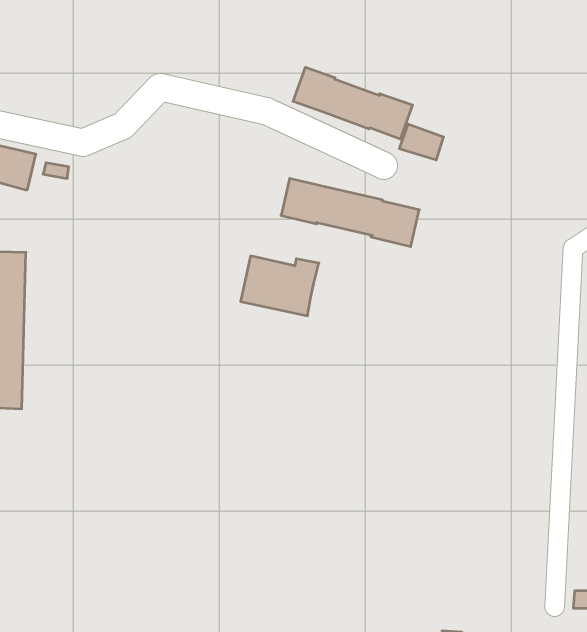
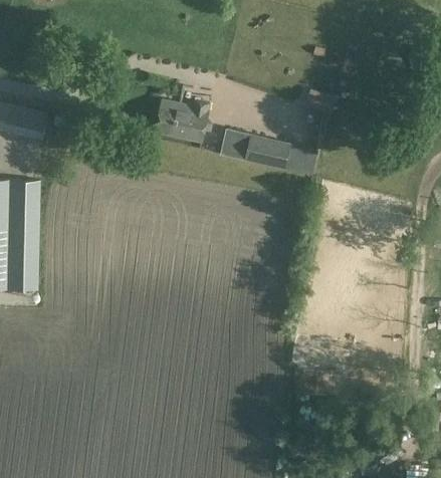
building: [293,67,413,139] -> none
building: [241,256,319,316] -> [154,100,209,143]

